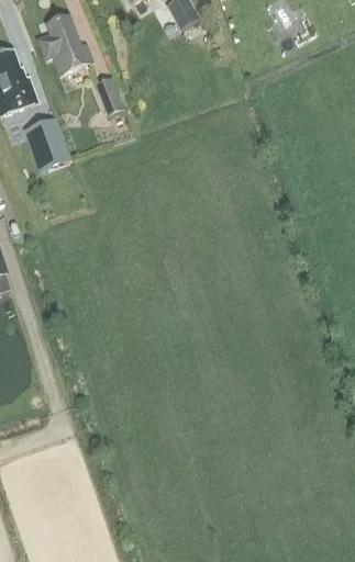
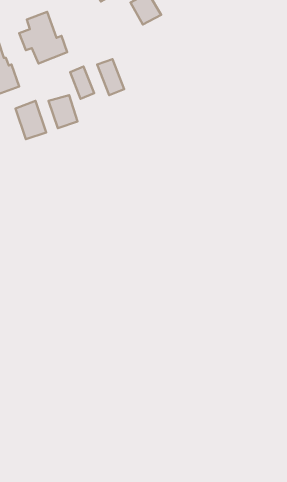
building: none -> [97,59,124,95]
building: none -> [49,95,78,128]

